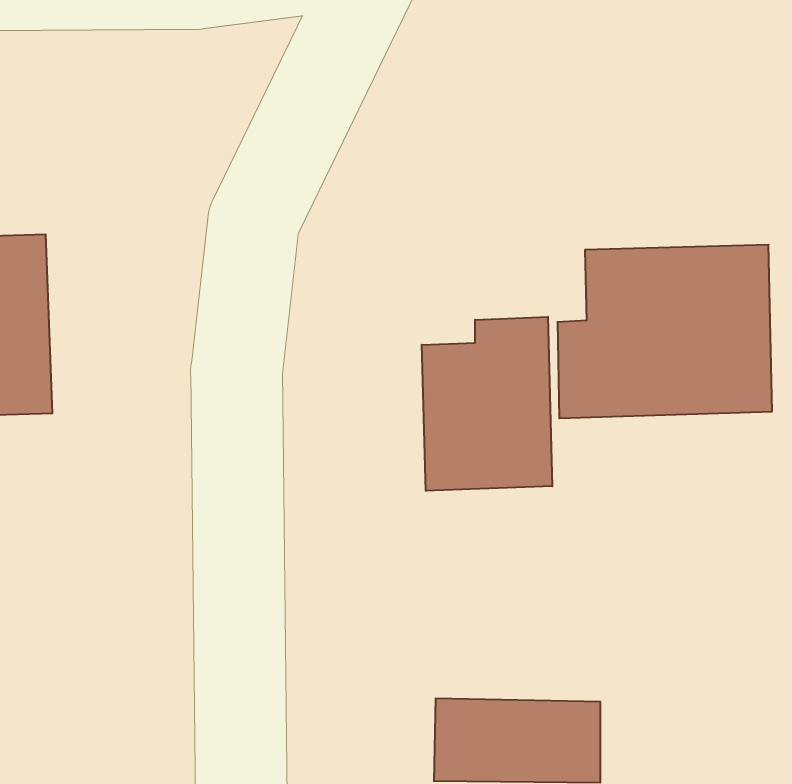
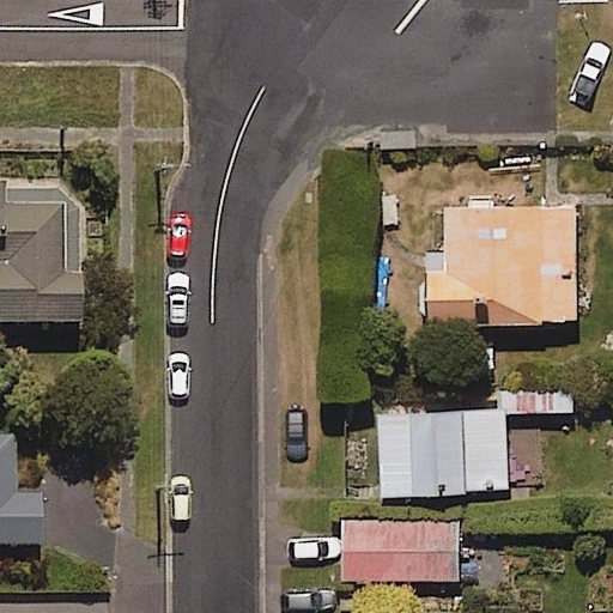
building: [422,317,552,491] -> none
building: none -> [378,408,506,494]

